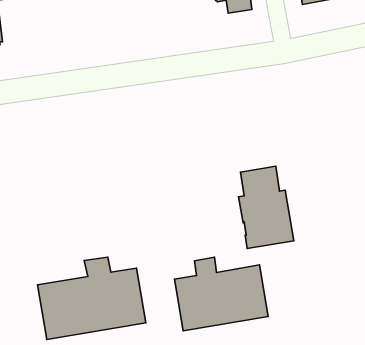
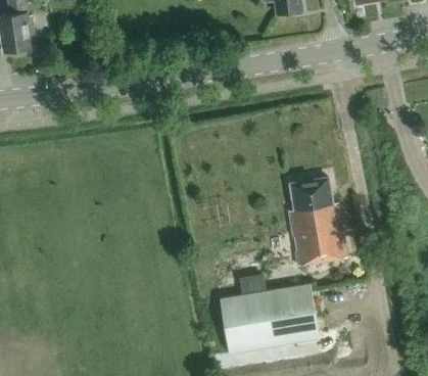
building: [38,257,146,340] -> none

